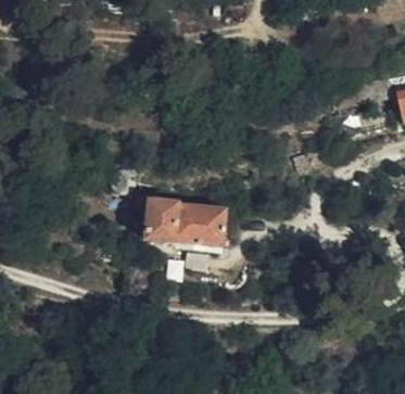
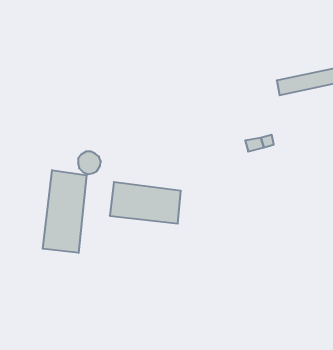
building: none -> [43,170,87,253]

